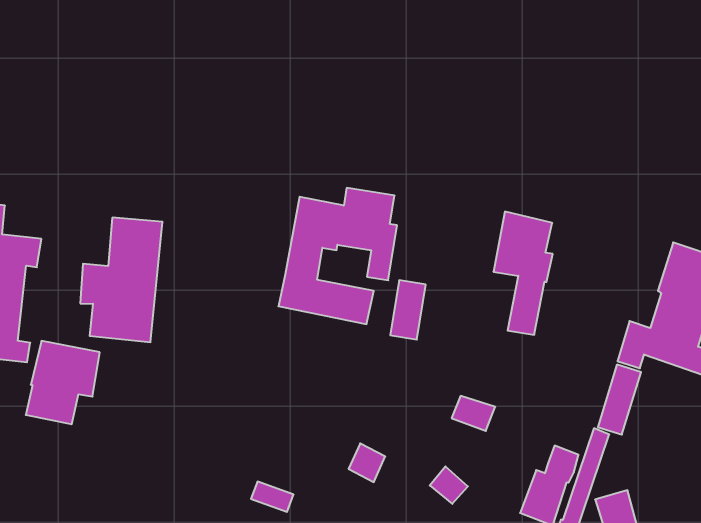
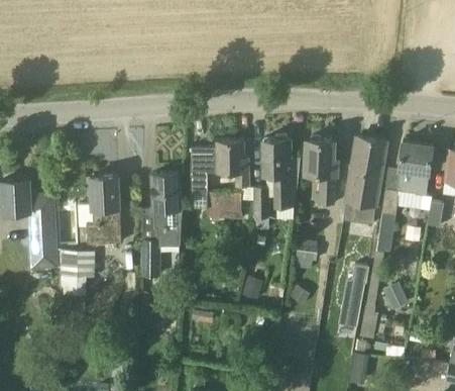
building: none -> [262,135,299,205]
building: none -> [343,136,385,225]
building: none -> [141,172,180,276]

